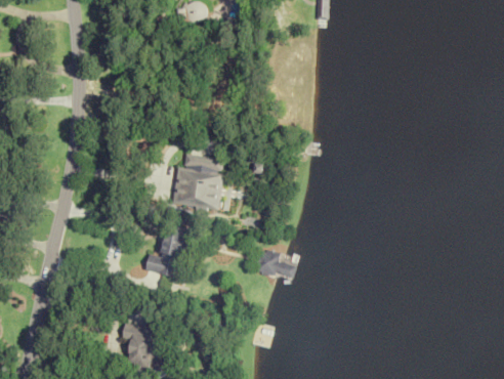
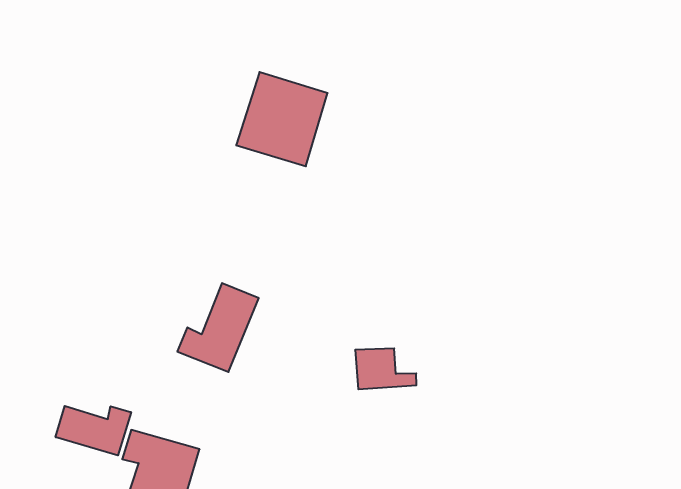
building: [171,153,222,206] -> [236,72,328,166]
building: none -> [56,406,131,455]

